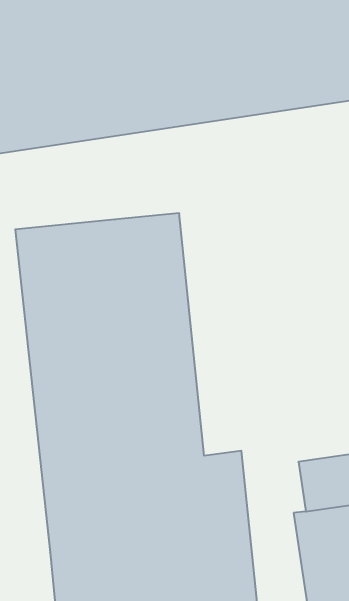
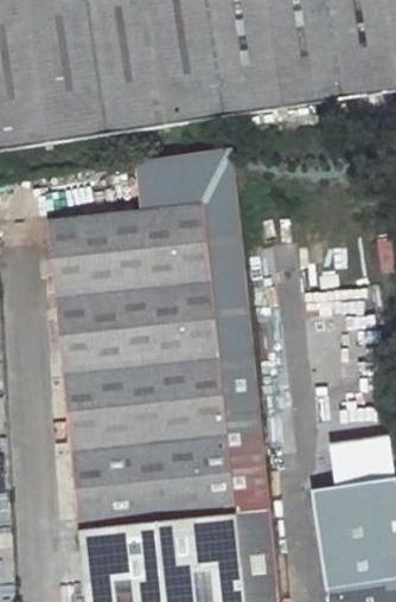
building: none -> [135,147,261,435]

